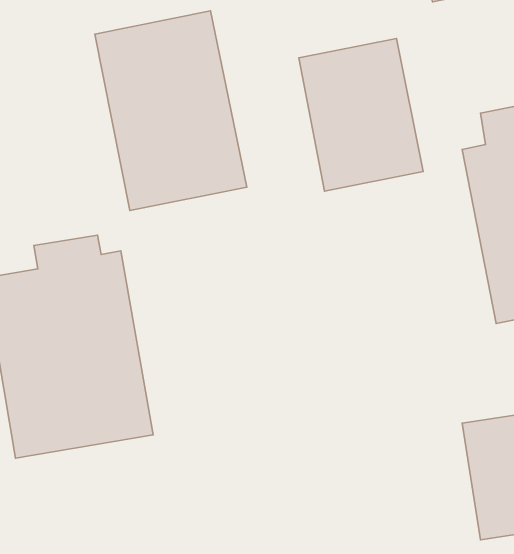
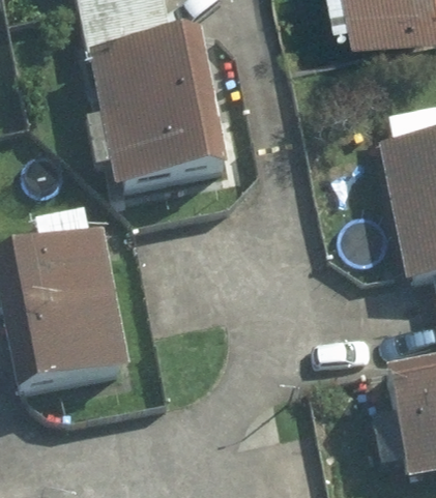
building: [299,39,423,191] -> none

